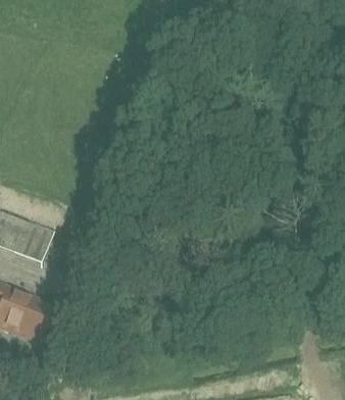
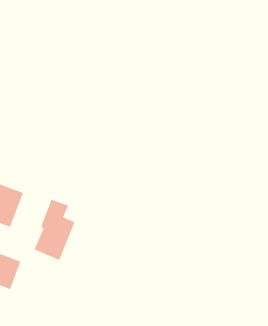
building: none -> [34,199,75,261]

